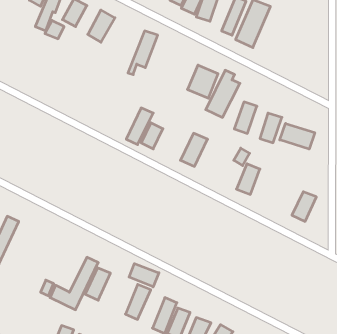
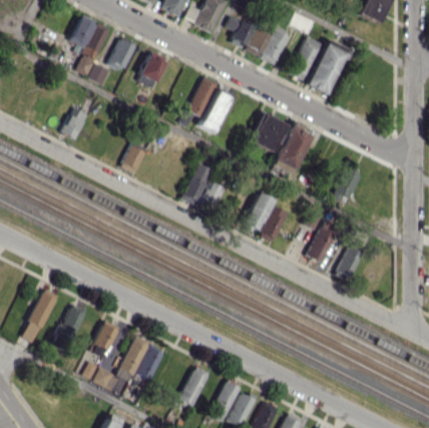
building: none -> [200,89,232,133]
building: none -> [62,107,87,139]
building: none -> [121,143,145,173]
building: [234,102,257,133] -> [261,205,287,242]
building: [280,123,315,149] -> none
building: [292,192,316,221] -> [335,247,363,281]
building: none -> [57,304,87,342]
building: none -> [91,324,116,356]
building: [129,264,159,287] -> none

